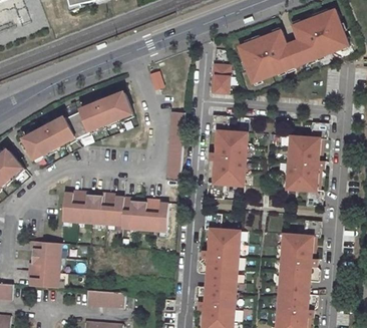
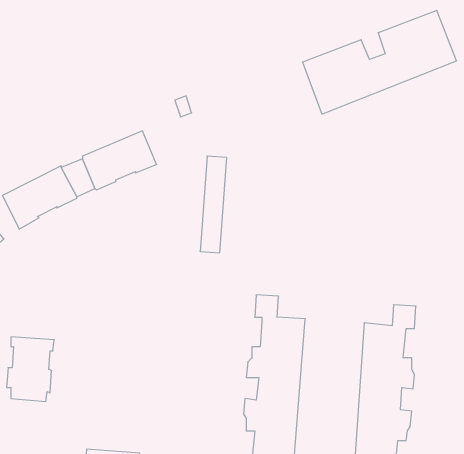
building: [210,63,229,92] -> none
building: [206,113,246,198] -> none
building: [285,121,327,205] -> none
building: [62,192,167,232] -> none
building: [85,290,124,308] -> none

